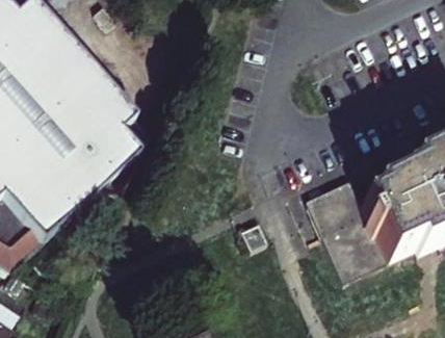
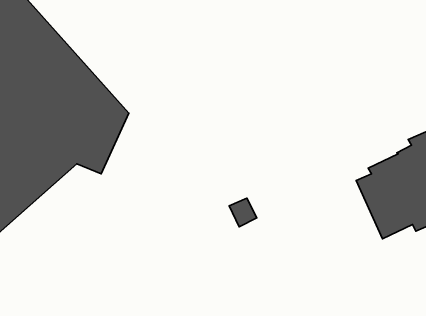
building: [305,177,385,278] -> none

